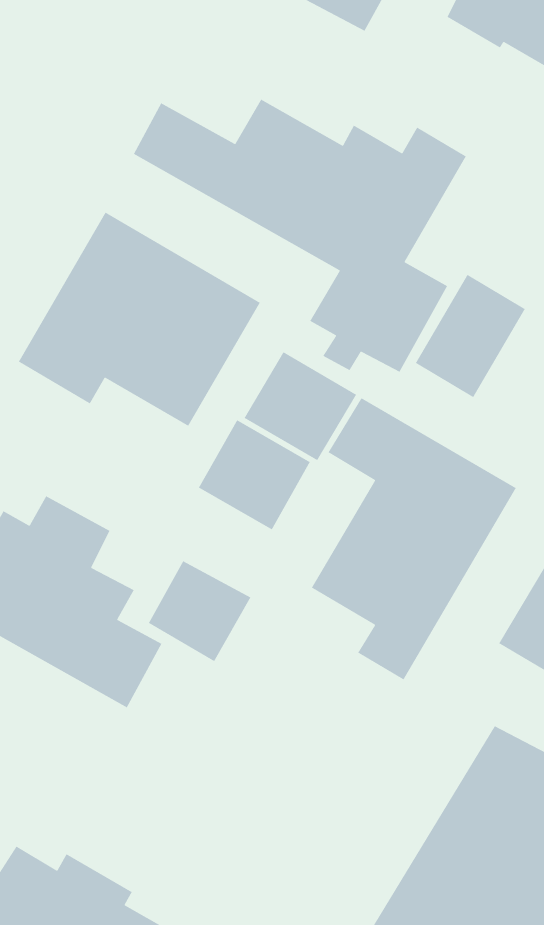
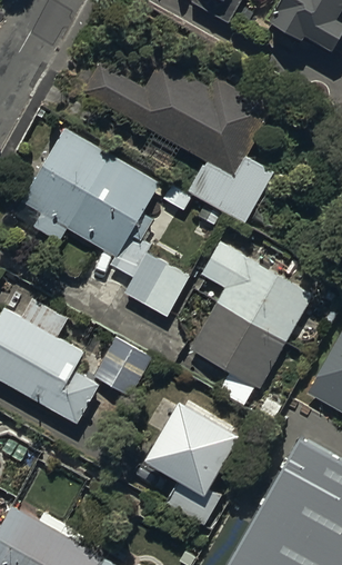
building: [415,274,526,398] -> none
building: [244,351,357,461] -> none
building: none -> [148,406,242,524]

